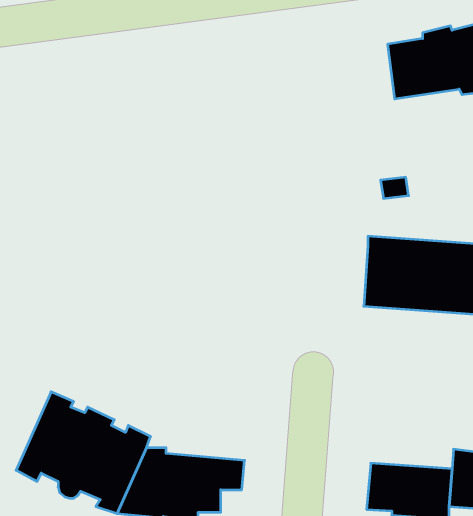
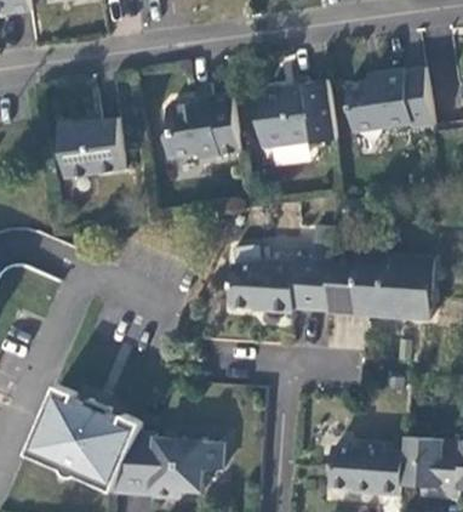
building: none -> [257,80,336,147]
building: none -> [165,93,239,158]
building: none -> [59,118,125,177]
building: none -> [229,255,330,312]

